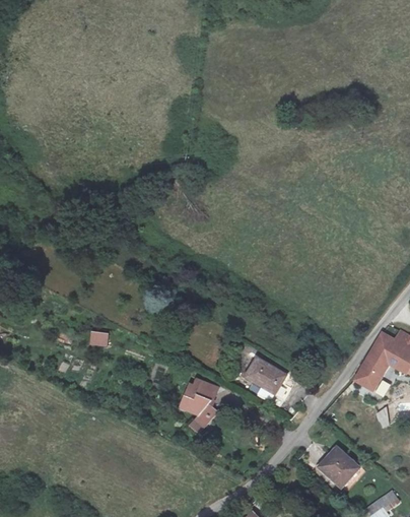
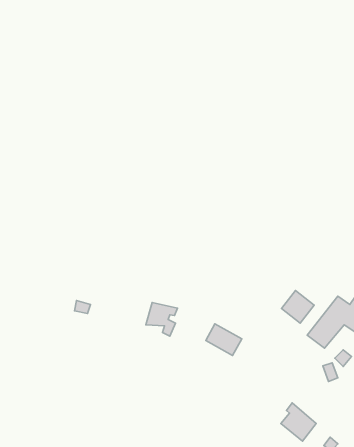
building: none -> [281,291,314,323]
building: [183,385,217,422] -> [146,303,177,336]

